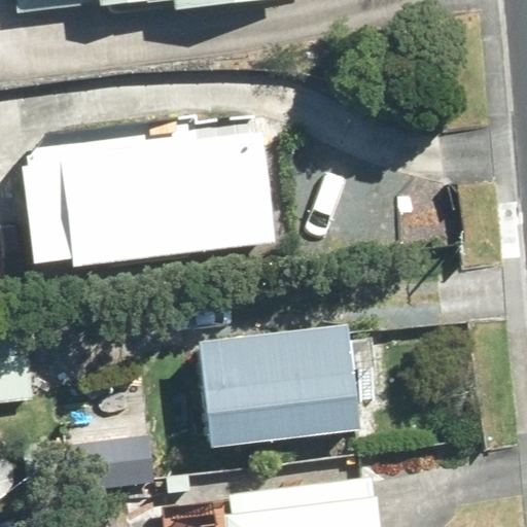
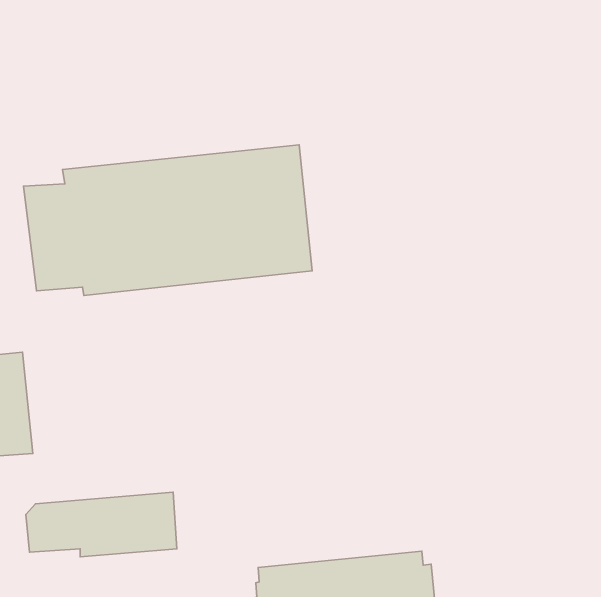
building: [201,323,375,443] -> none

